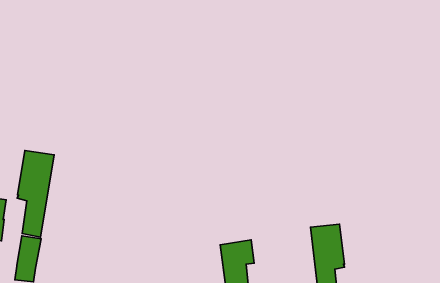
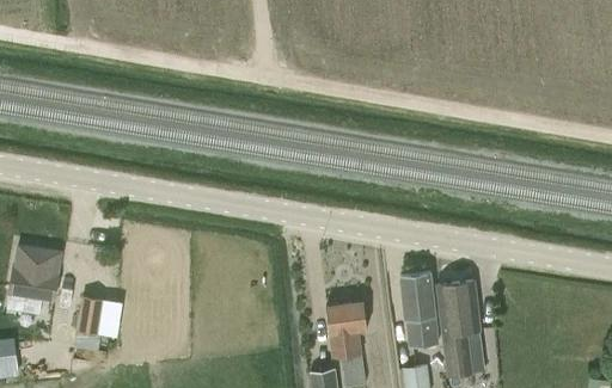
building: [17,150,54,237] -> none
building: none -> [400,273,439,347]

